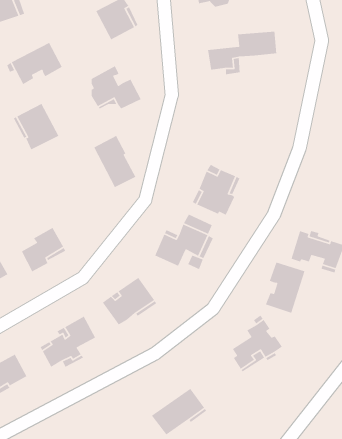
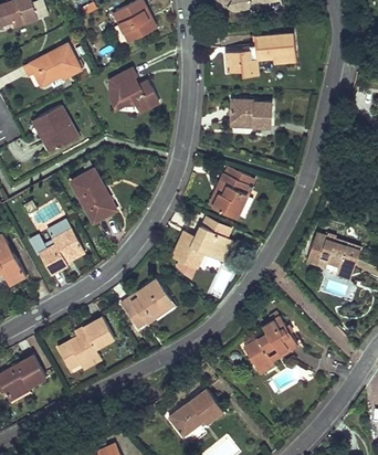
building: none -> [231,98,272,128]
building: [93,135,137,188] -> [71,169,114,222]
building: [265,261,306,314] -> none

